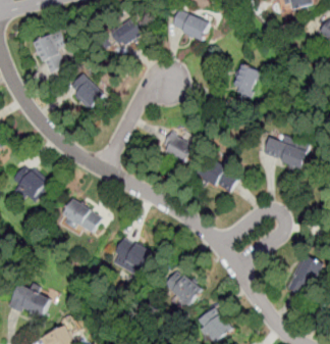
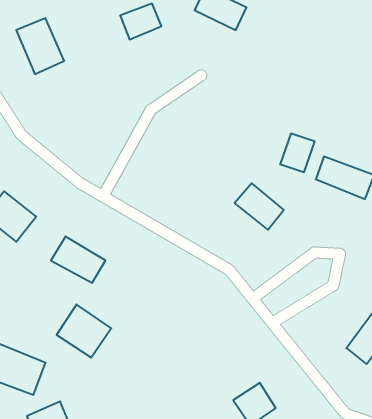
building: [230,65,257,95] -> [280,134,315,172]
building: [67,73,104,109] -> none
building: [159,133,194,164] -> none
building: [109,237,151,278] -> [57,304,111,358]
building: [167,273,202,306] -> none

